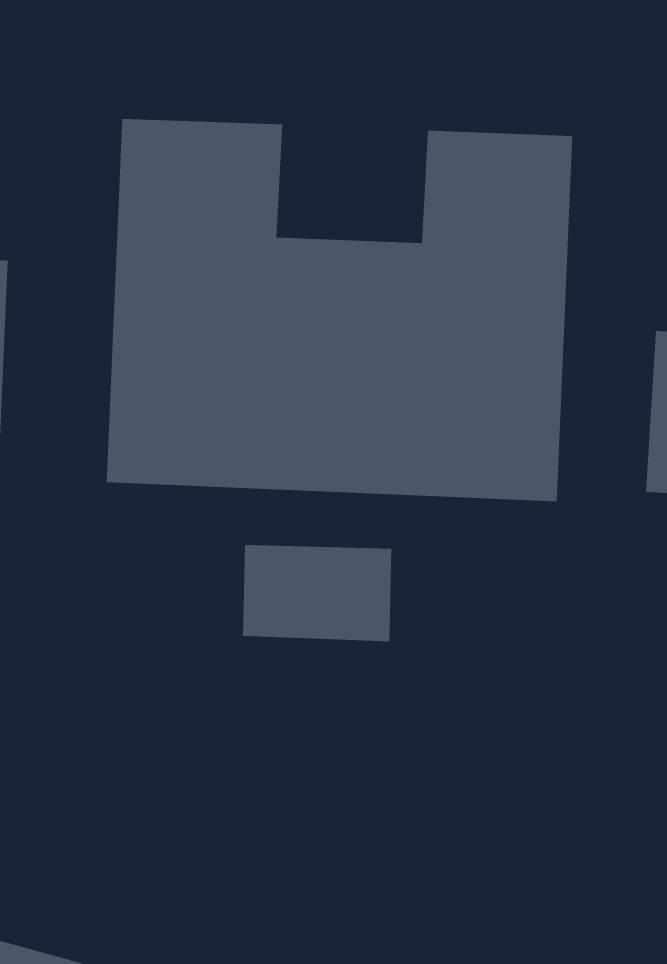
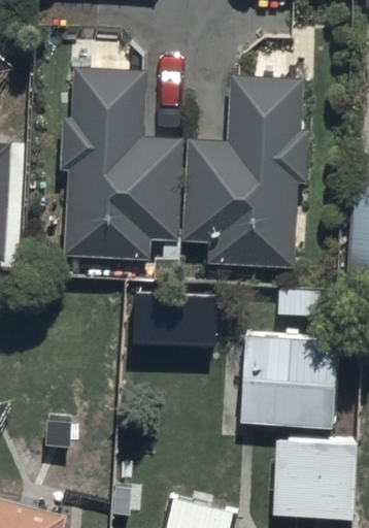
building: none -> [242,329,337,422]
building: none -> [274,434,355,512]

